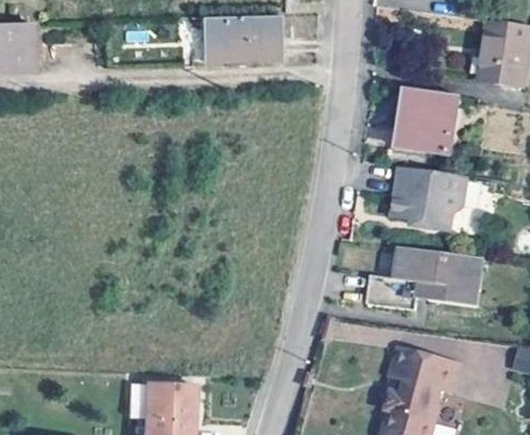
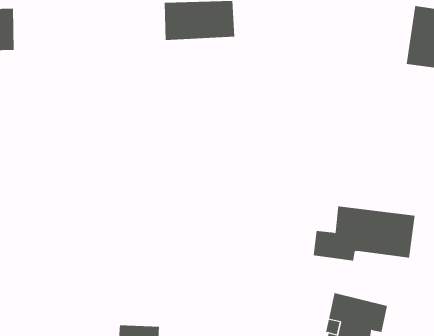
building: [398,92,454,157] -> none
building: [392,167,465,230] -> none

